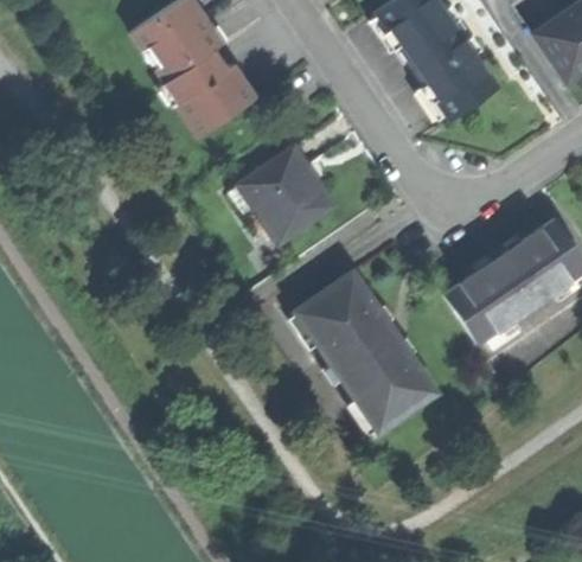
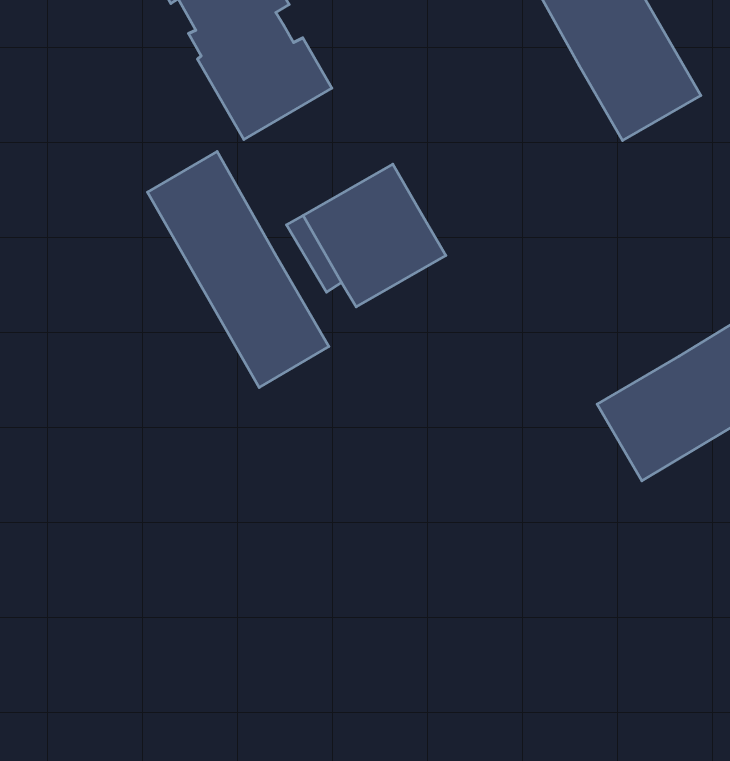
building: none -> [148,151,329,387]
building: [296,272,436,430] -> none

